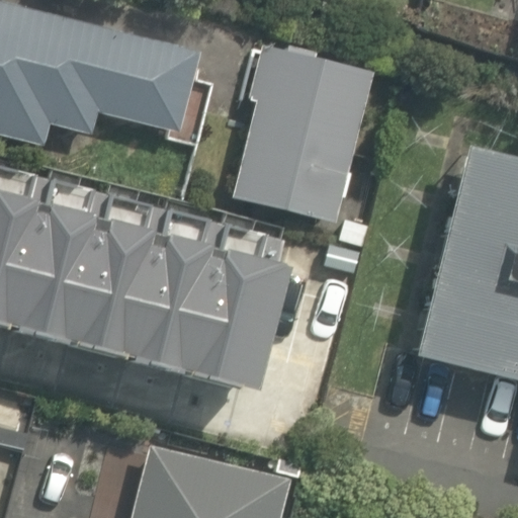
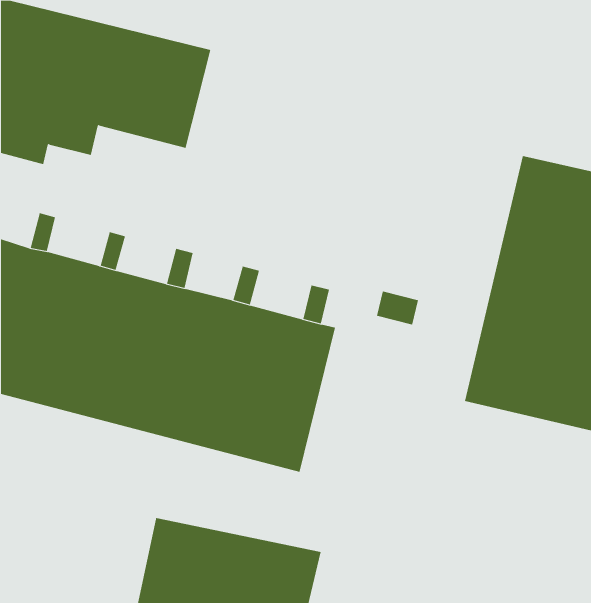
building: [232,46,372,215] -> none

